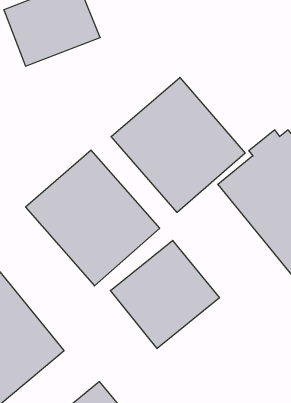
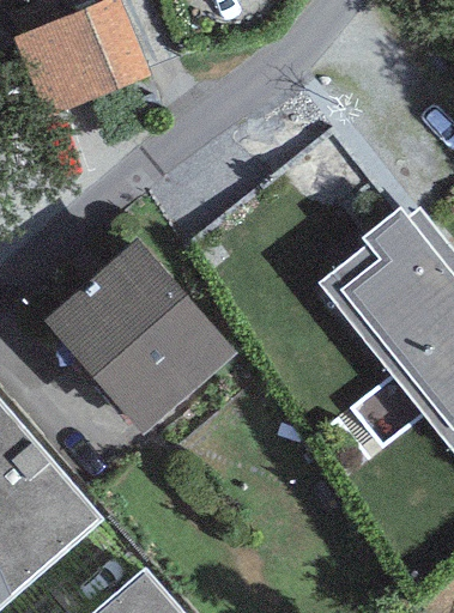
building: [111,77,245,212] -> none
building: [110,240,219,349] -> none

